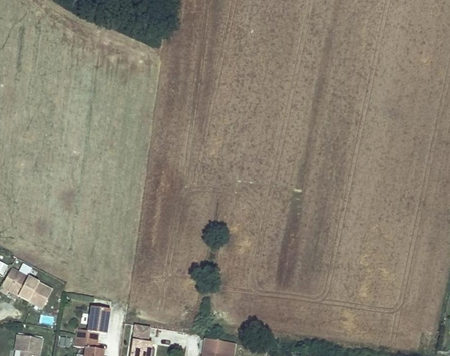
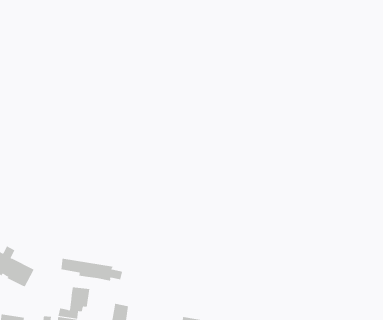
building: none -> [61,258,123,282]

